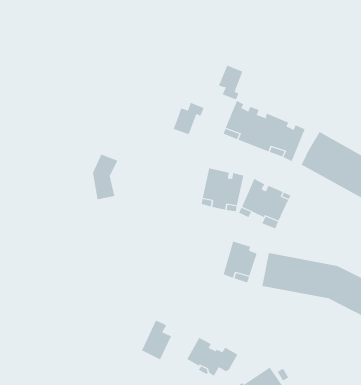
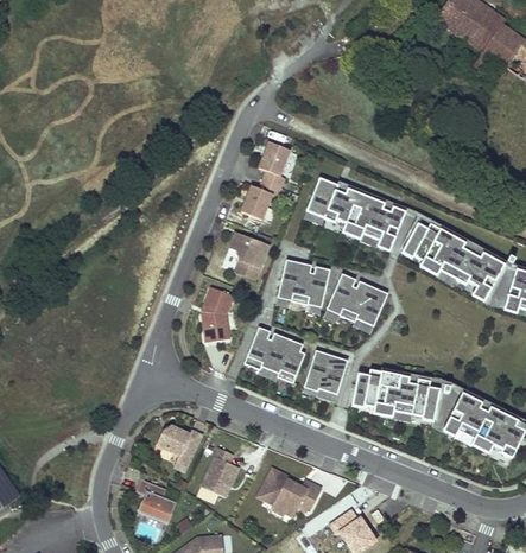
building: [218,65,243,100] -> [258,142,289,186]
building: none -> [229,233,271,278]
building: [92,154,118,200] -> [201,287,233,344]
building: none -> [243,326,304,382]
building: none -> [158,425,202,471]
building: none -> [135,478,176,521]

